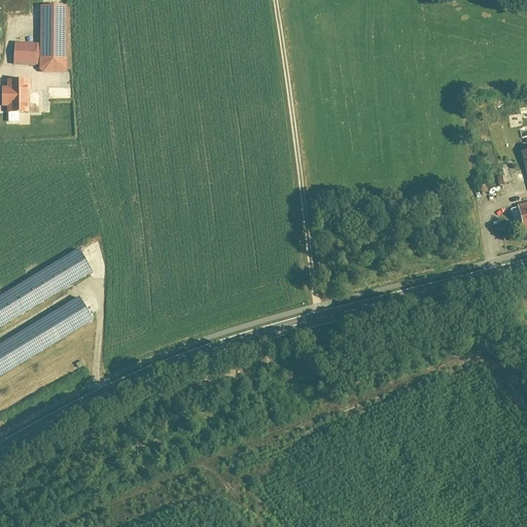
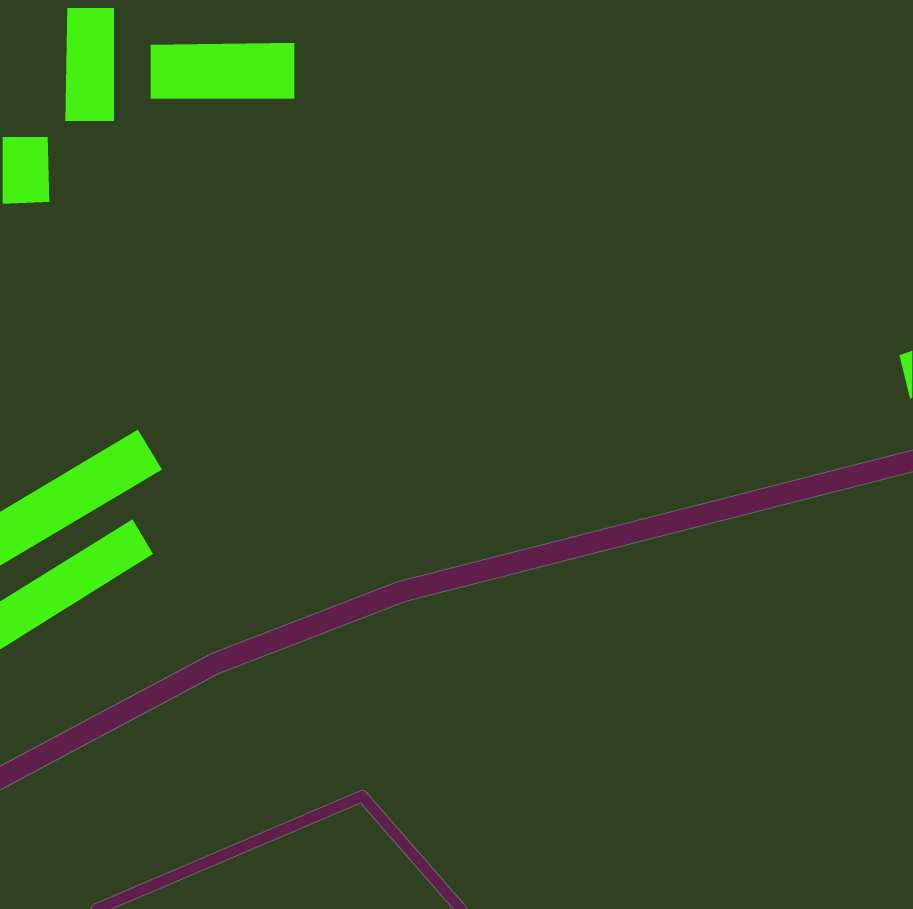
building: none -> [150,42,295,100]
building: [11,41,35,63] -> none

